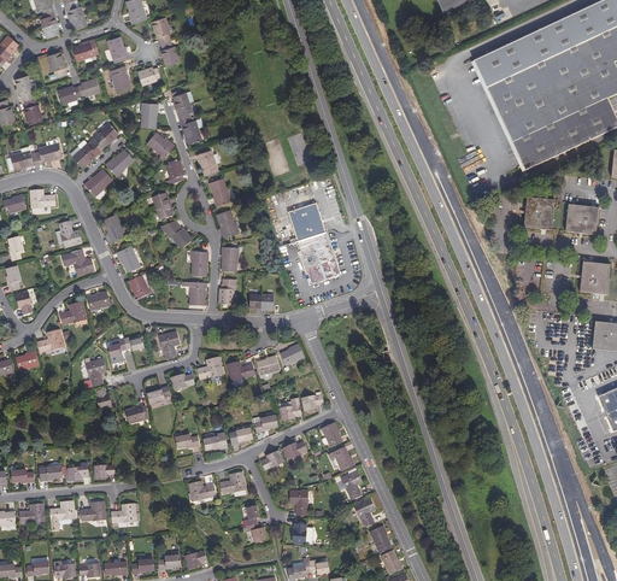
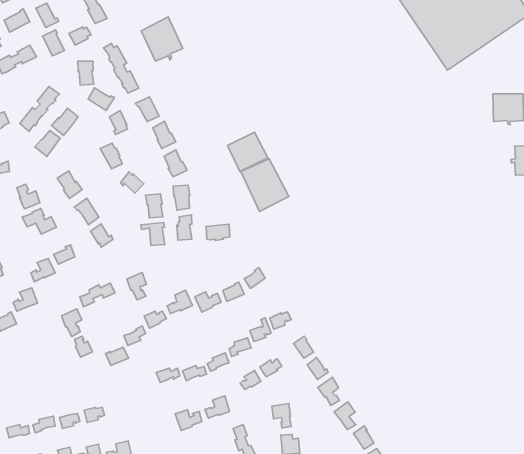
building: none -> [141,17,183,61]
building: [521,193,554,228] -> none

